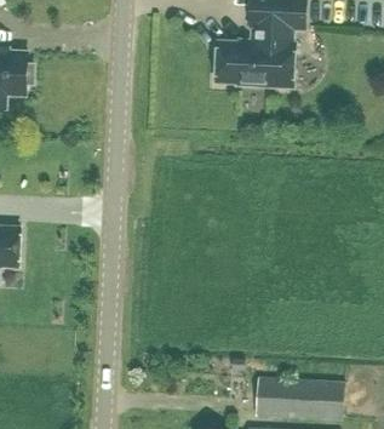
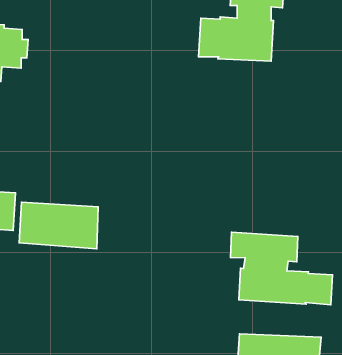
building: none -> [19,202,98,249]
building: none -> [231,232,333,305]

